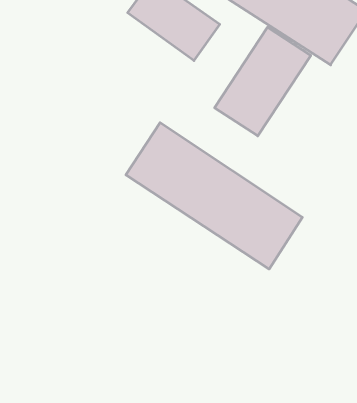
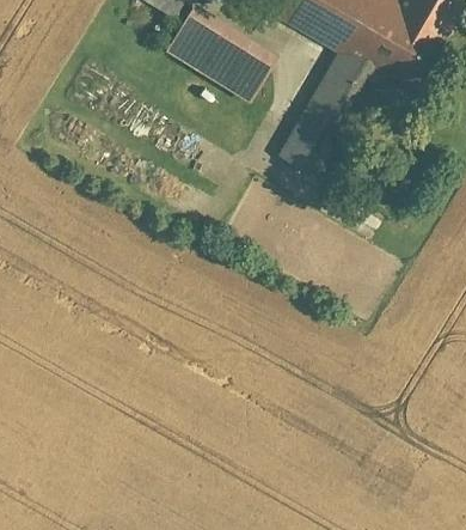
building: [126,123,302,269] -> none

